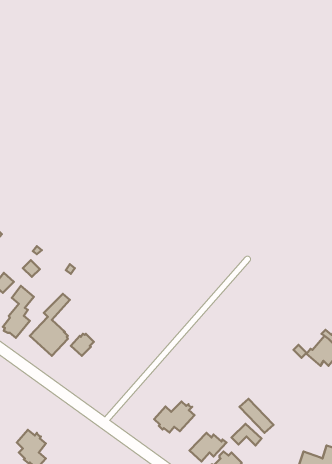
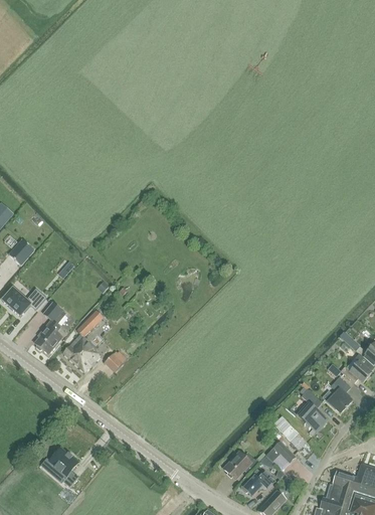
building: none -> [327,377,352,413]
building: none -> [300,390,329,434]
building: [154,401,195,432] -> none

